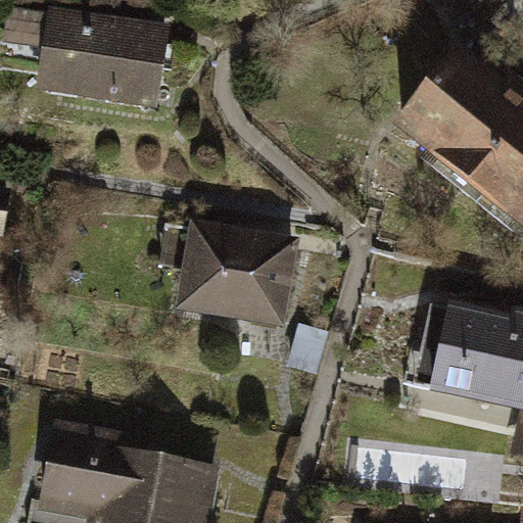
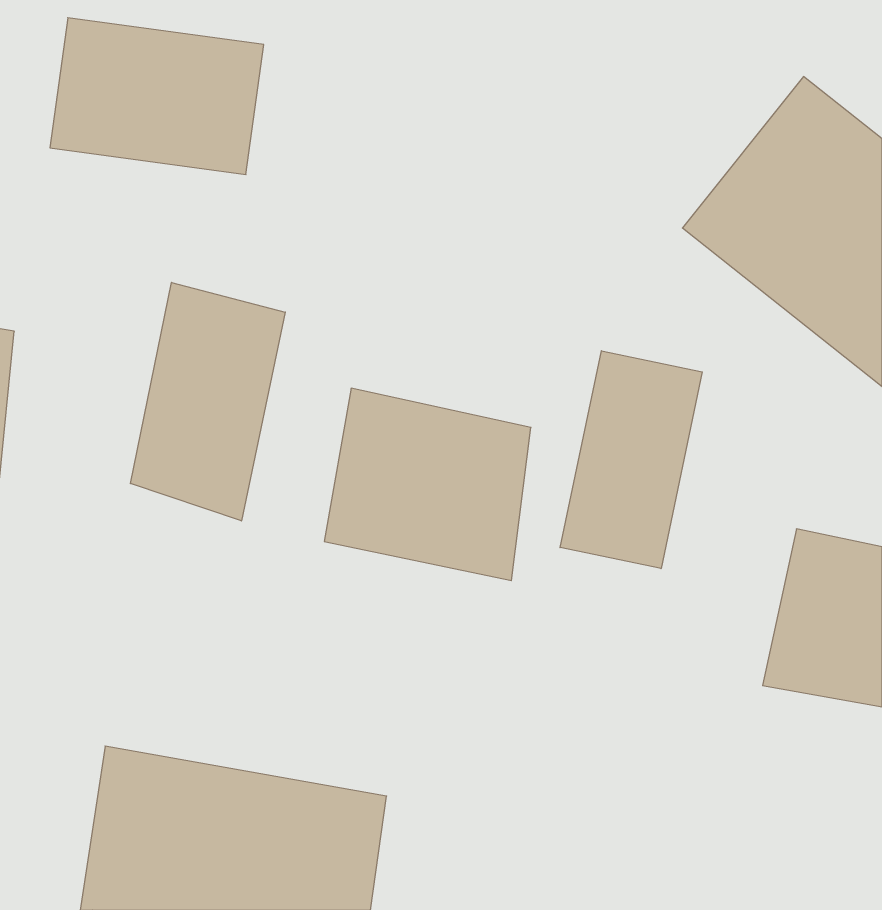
building: none -> [130,282,285,521]
building: none -> [560,351,702,569]

